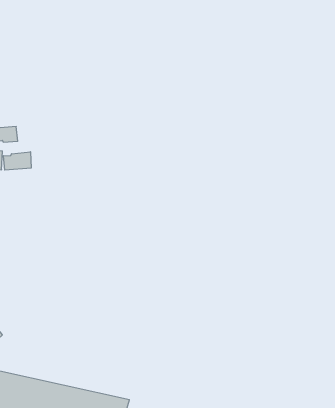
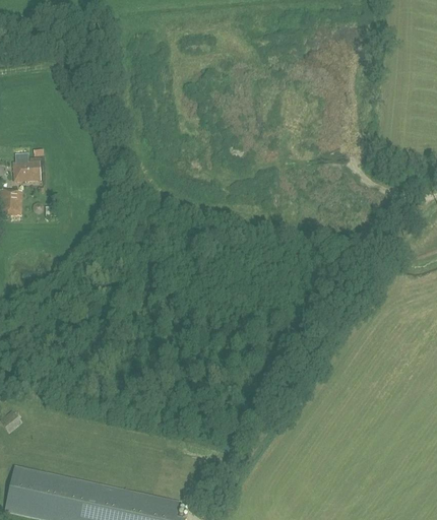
building: [3,152,31,170] -> none

